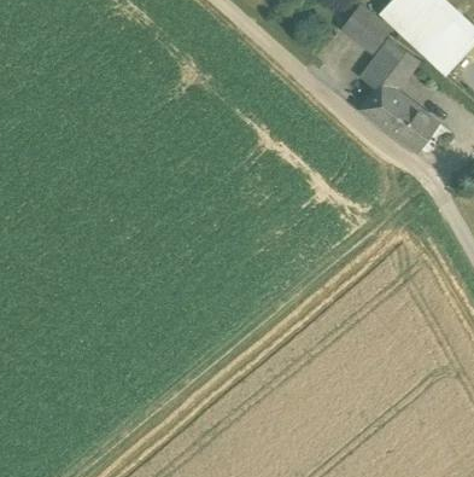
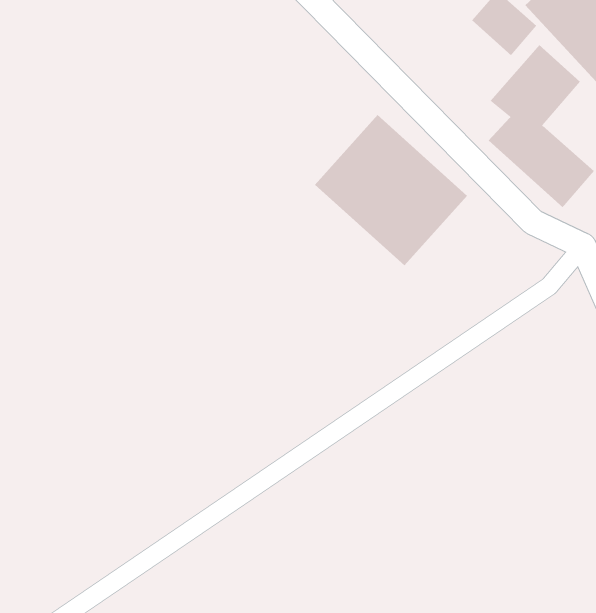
building: none -> [314,114,468,266]

